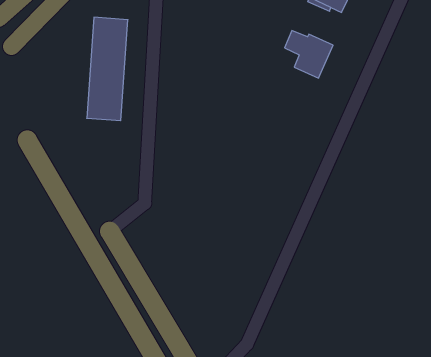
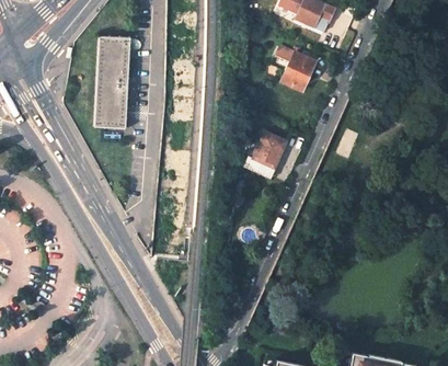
building: none -> [244,131,286,176]

